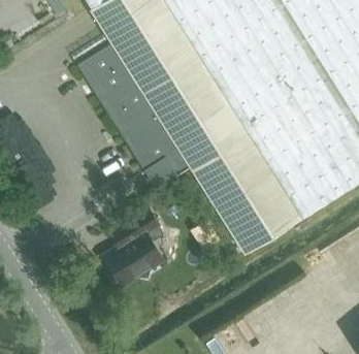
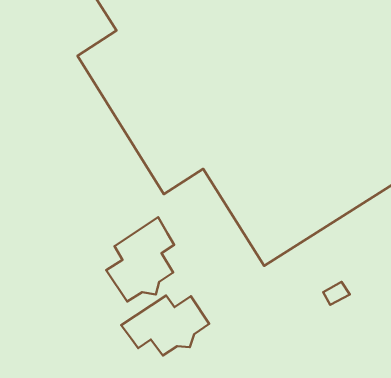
building: none -> [121,296,209,356]

